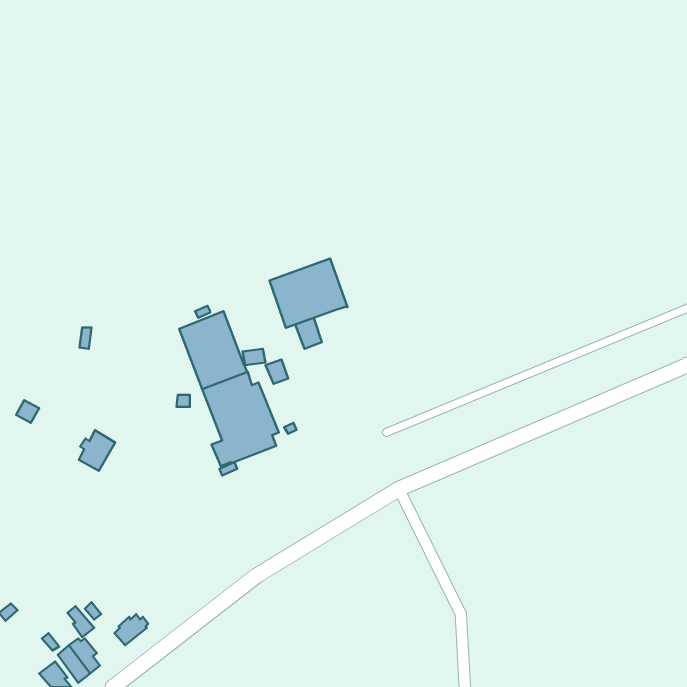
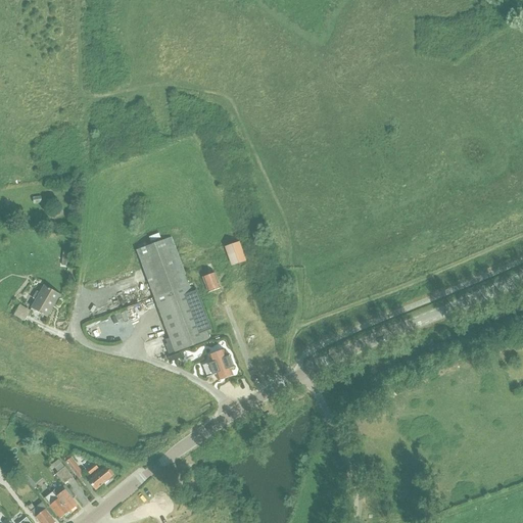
building: [269,258,348,328] -> none
building: [79,430,115,471] -> [31,285,58,316]
building: none -> [201,348,233,380]

